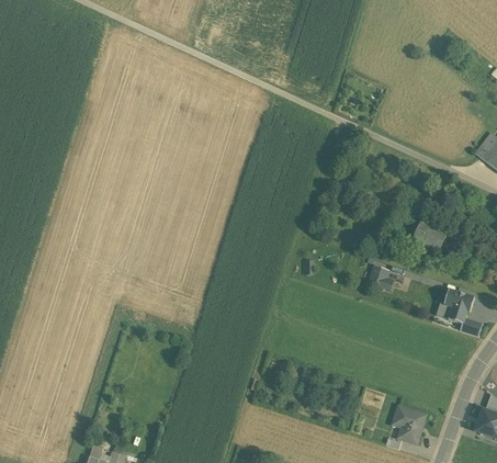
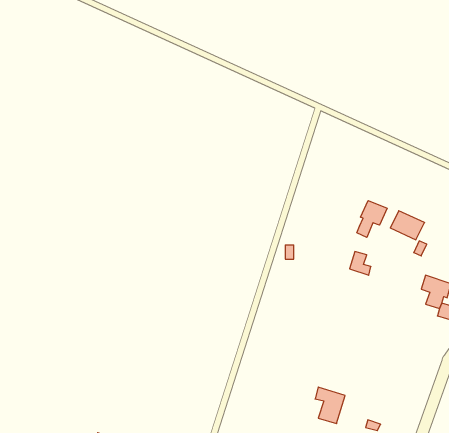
building: none -> [357,201,387,237]
building: [395,405,426,442] -> [315,387,345,424]

